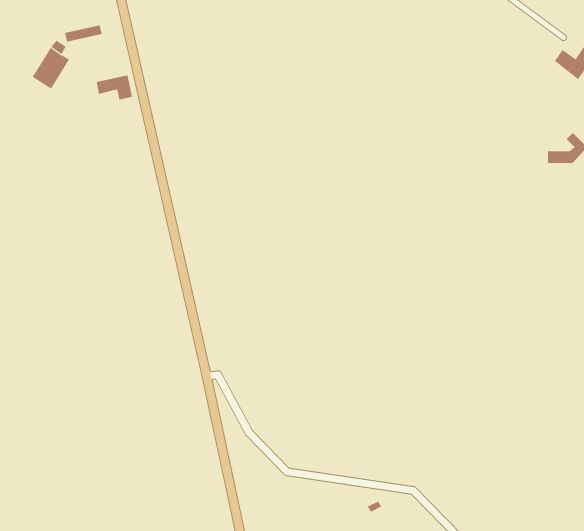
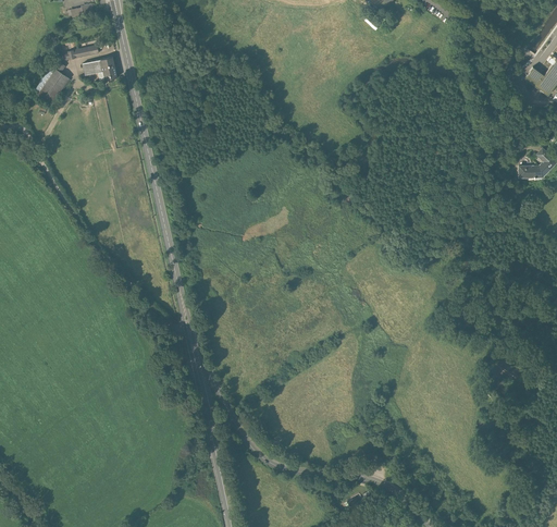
building: [96,75,133,100] -> [84,57,119,81]

